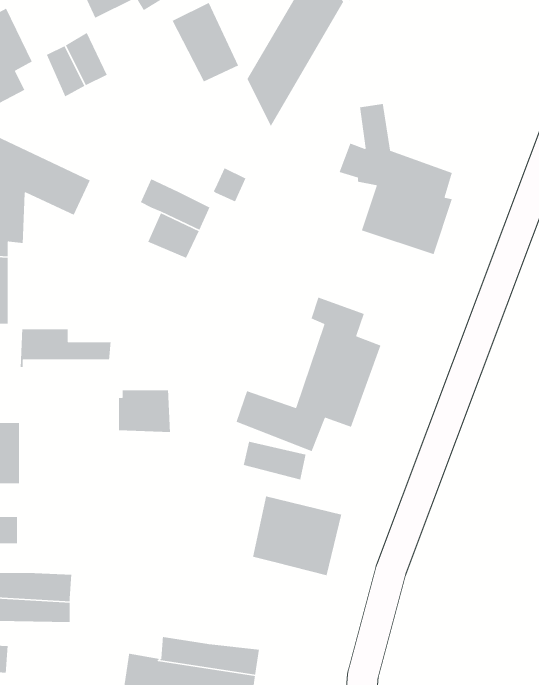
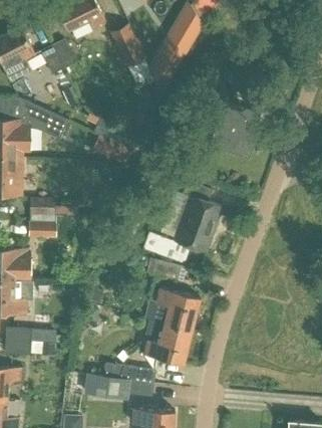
building: [118,390,171,433] -> [28,215,56,238]
building: none -> [144,320,193,364]

